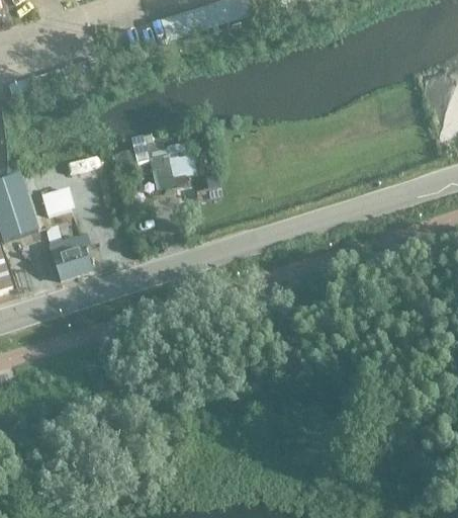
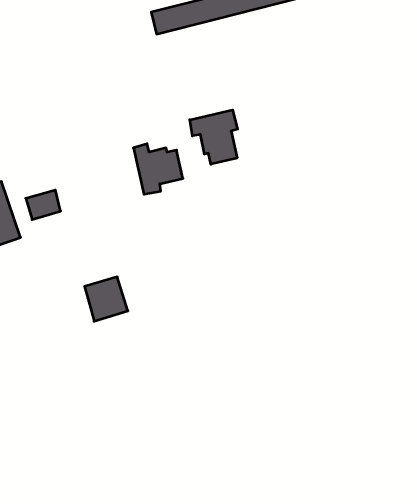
building: none -> [190,110,238,164]
building: [51,237,92,279] -> [85,277,128,321]

